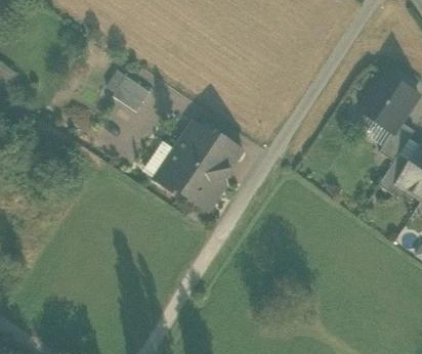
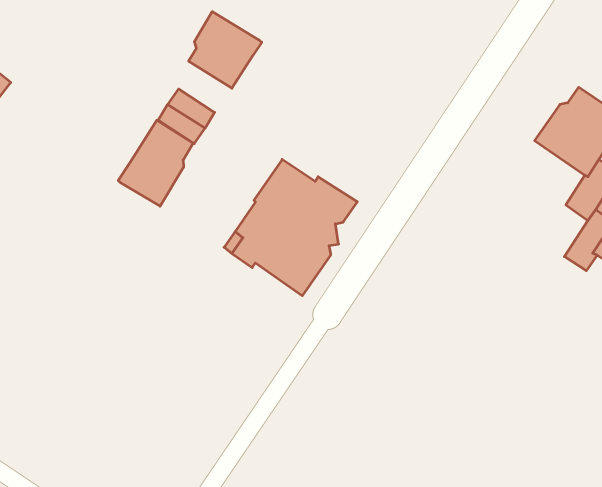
building: none -> [189,12,262,88]
building: none -> [118,120,193,206]

